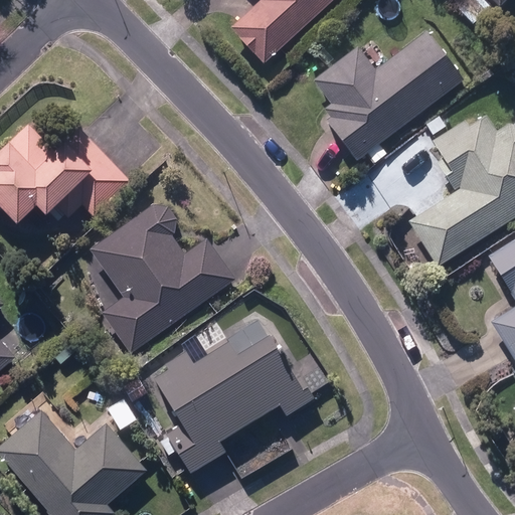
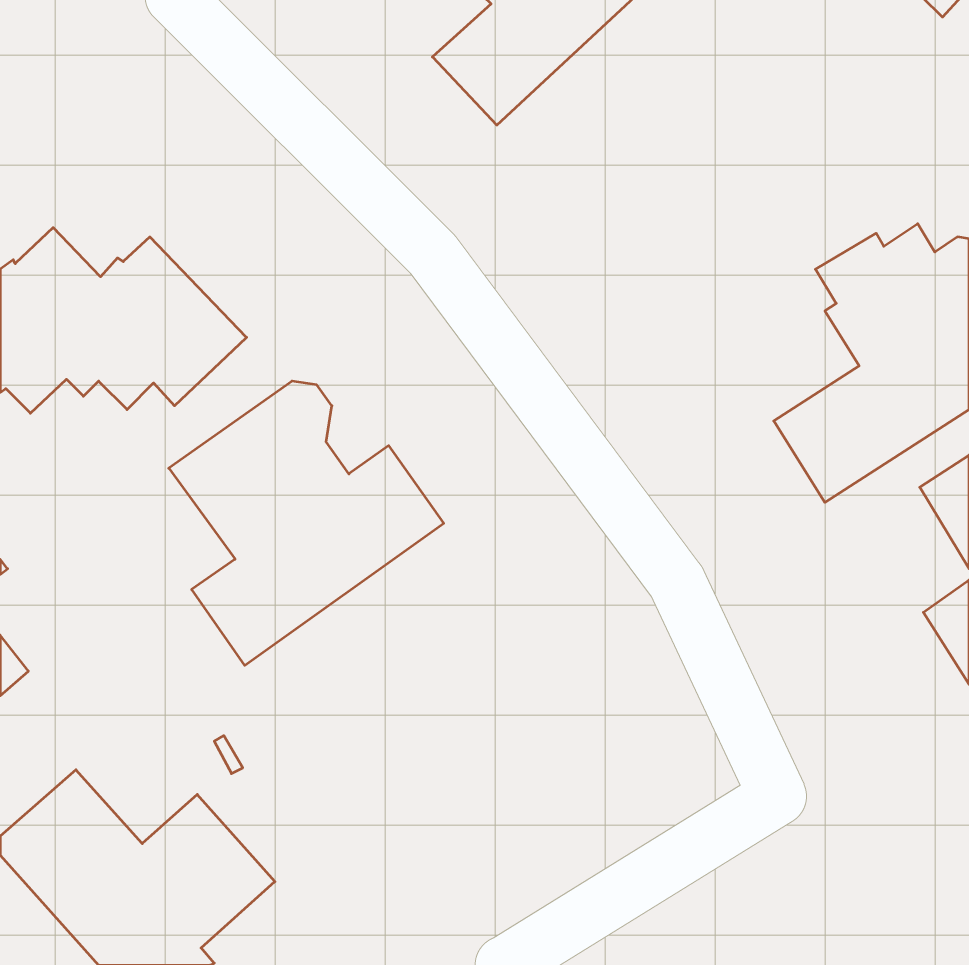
building: [313,33,464,162] -> none
building: [153,330,315,472] -> none

